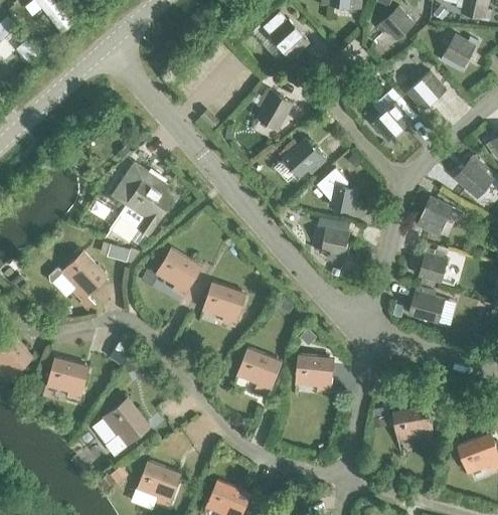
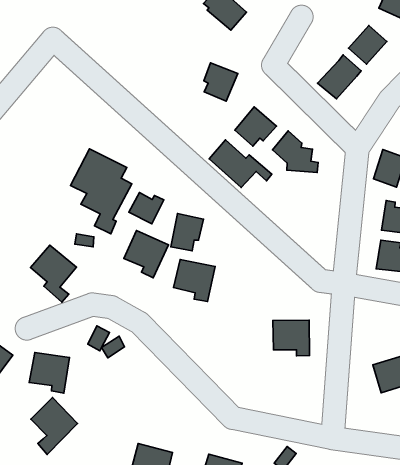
building: none -> [209,140,272,188]
building: none -> [129,193,164,224]
building: [321,222,349,261] -> none
building: none -> [171,213,203,251]
building: [236,348,281,394] -> none
building: [103,398,149,455] -> [31,398,78,454]

